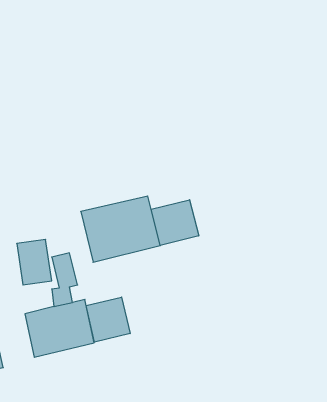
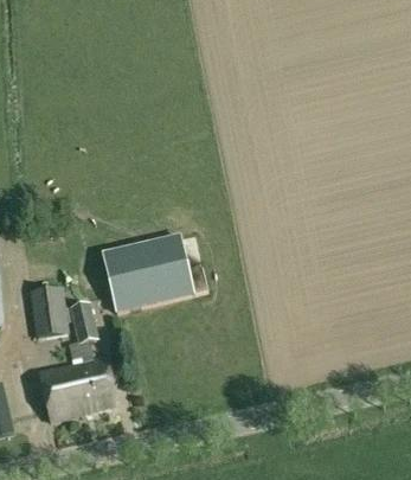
building: [151,200,199,245] -> none
building: [86,297,130,342] -> none

